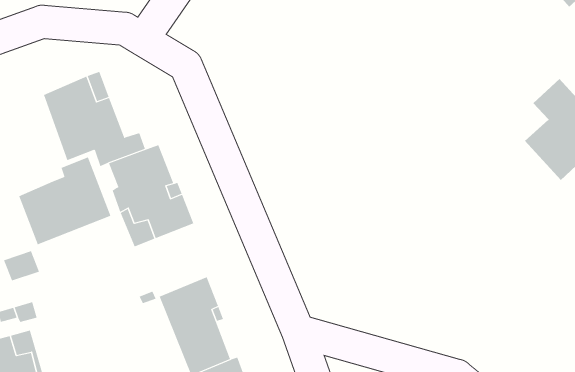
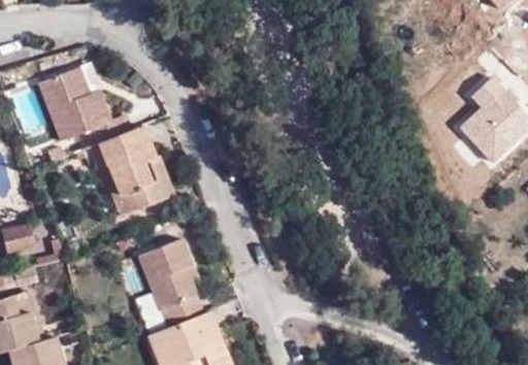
building: [18,156,111,245] -> none

